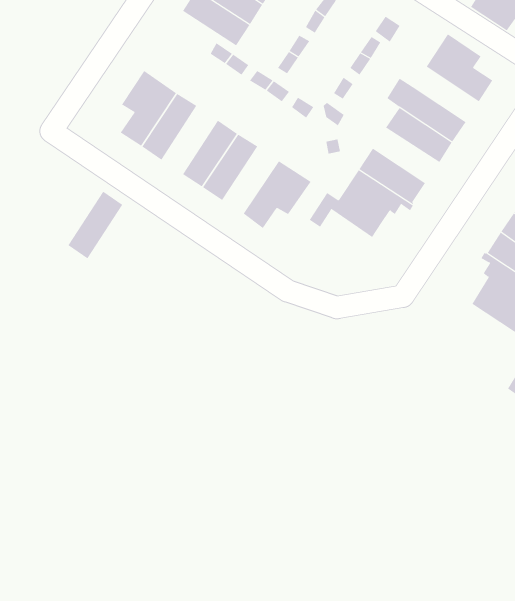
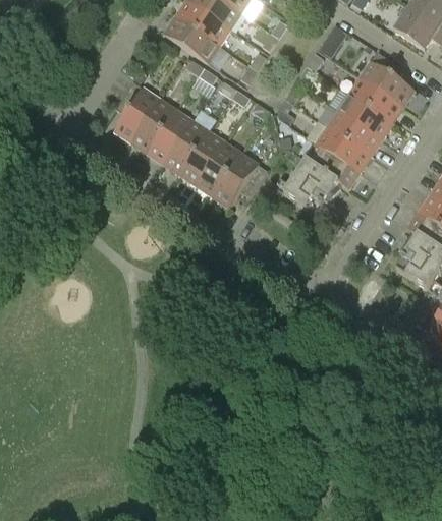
building: none -> [350,78,403,123]
building: none -> [308,120,372,172]
building: none -> [198,142,242,196]
building: [67,191,123,259] -> [149,110,194,165]

